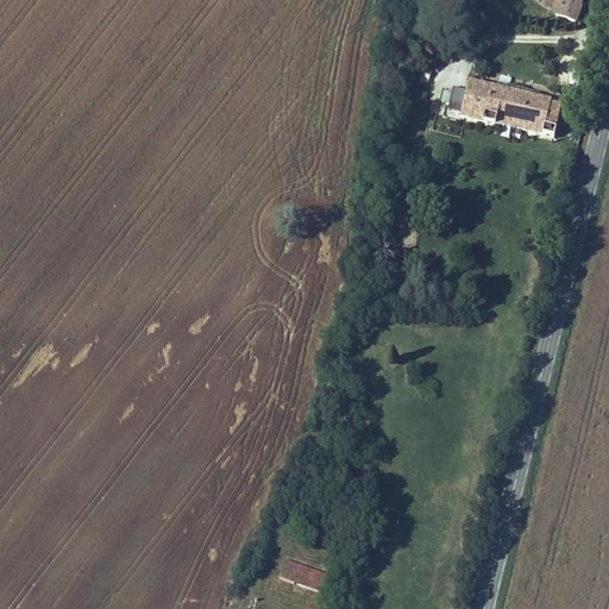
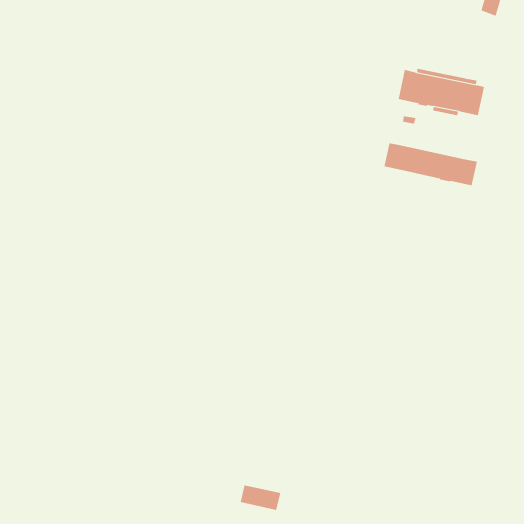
building: none -> [384,142,478,186]

